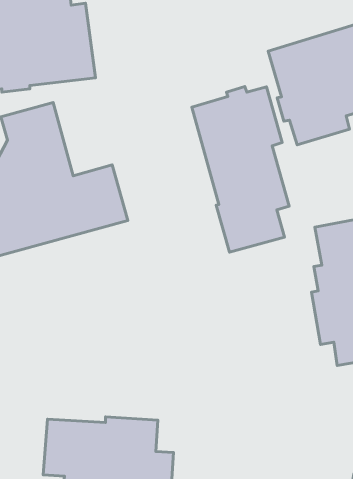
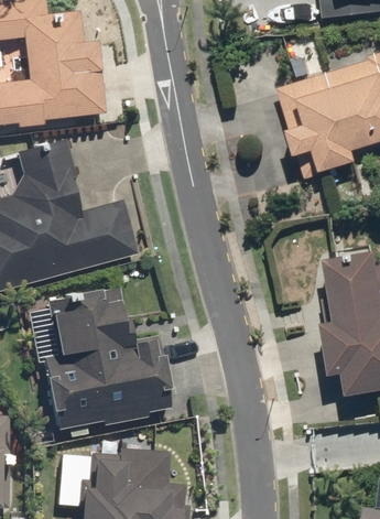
building: [192,86,289,252] -> none
building: none -> [41,285,170,430]

